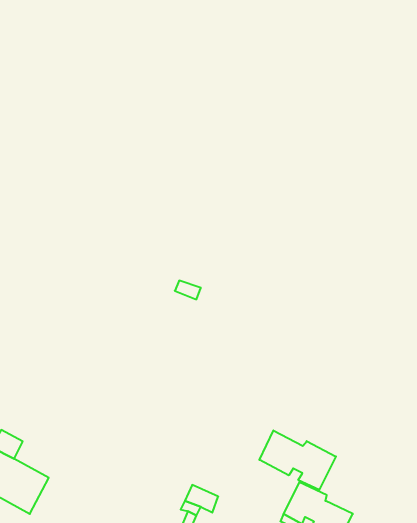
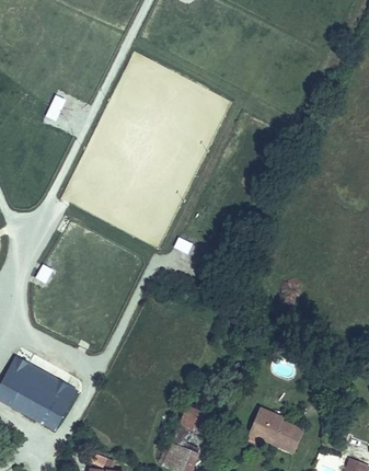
building: [259,430,336,490] -> none

